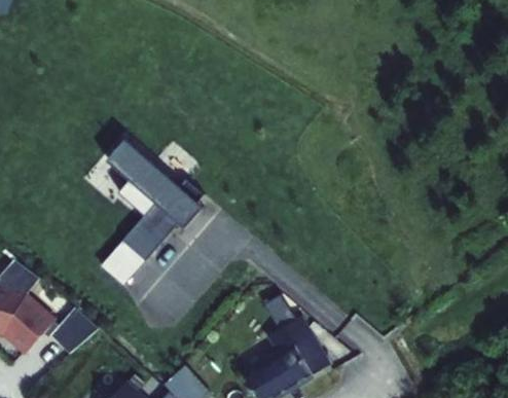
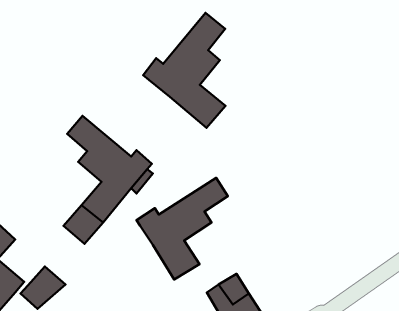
building: none -> [143,13,225,128]
building: none -> [137,178,228,279]

